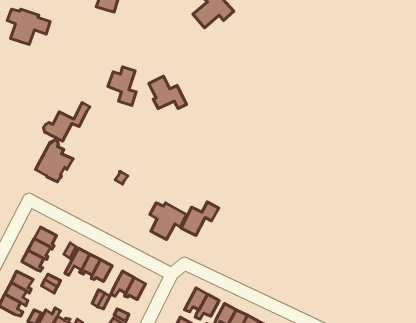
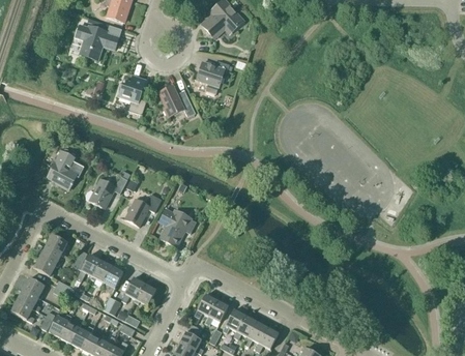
building: [7,9,50,45] -> [76,25,118,60]
building: none -> [196,61,229,93]
building: [43,102,90,141] -> [85,170,130,208]
building: [181,202,219,235] -> [124,194,162,227]

